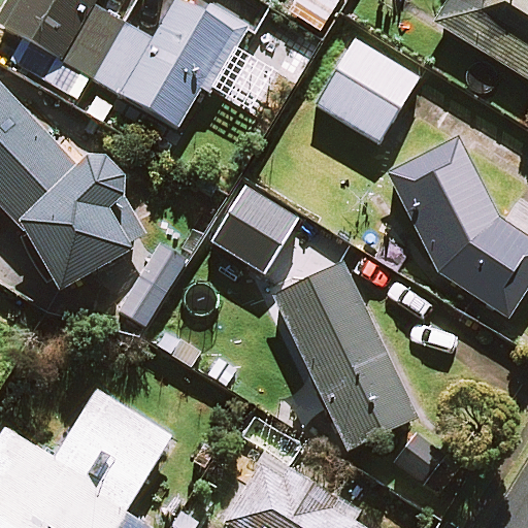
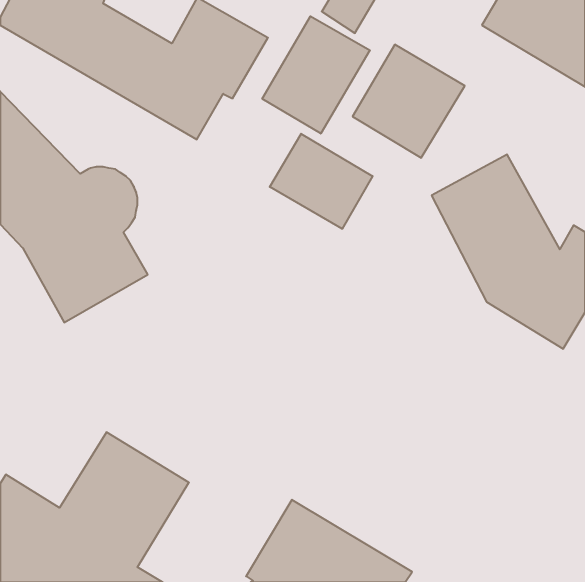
building: none -> [262,16,370,134]
building: none -> [270,134,373,229]
building: [223,203,416,448] -> none

